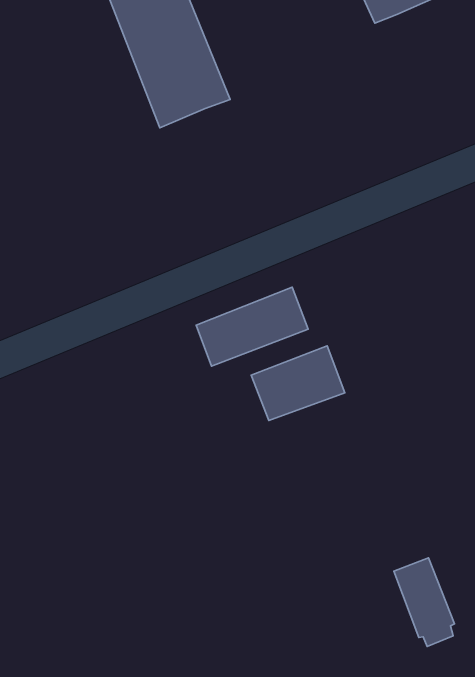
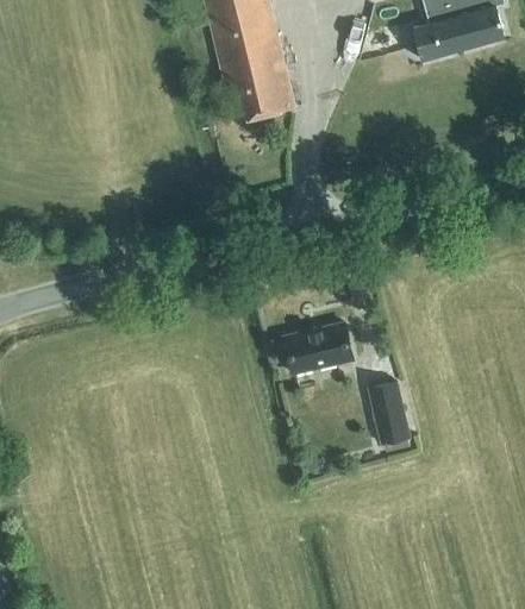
building: [196,287,308,366] -> none
building: [394,558,455,646] -> [367,379,411,452]

